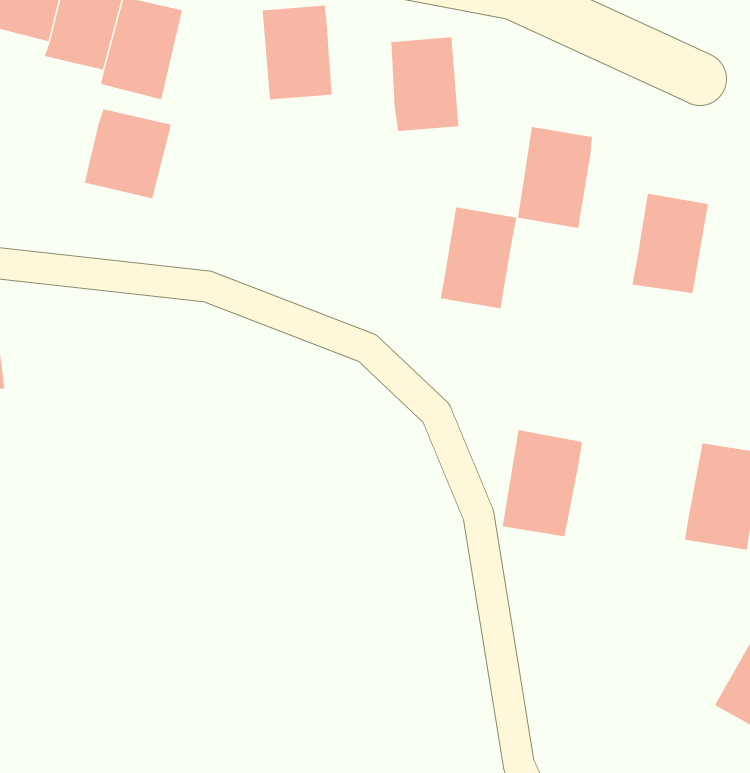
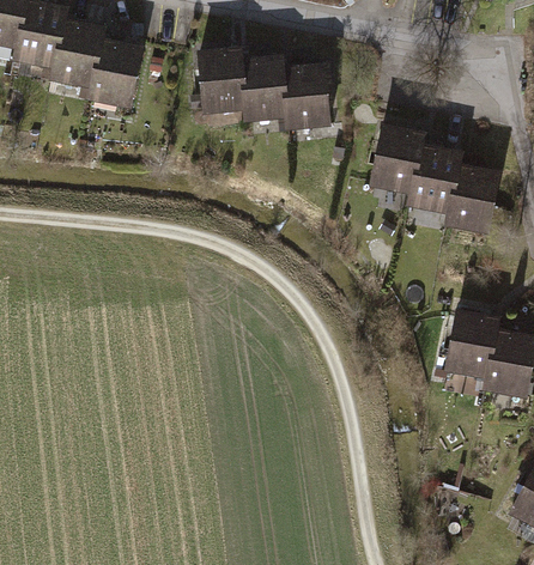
building: none -> [241,50,286,114]
building: [84,108,172,199] -> none
building: [440,207,517,309] -> [409,144,462,213]
building: [502,430,583,537] -> [443,317,498,390]

